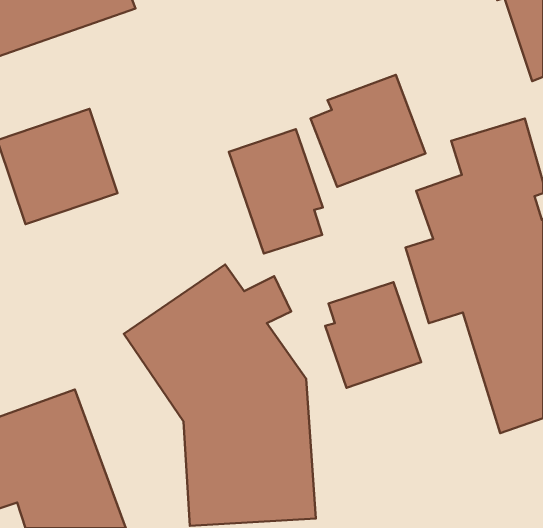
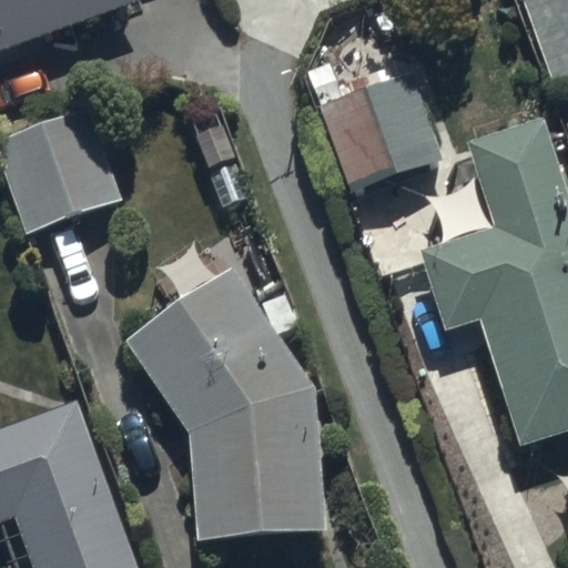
building: [229,129,323,254] -> none
building: [325,282,421,388] -> none

